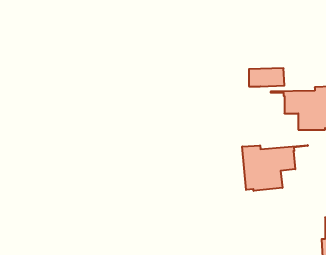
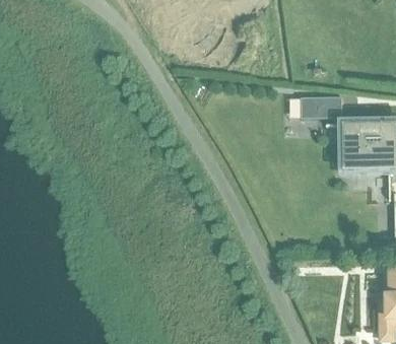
building: [242,145,308,191] -> none

